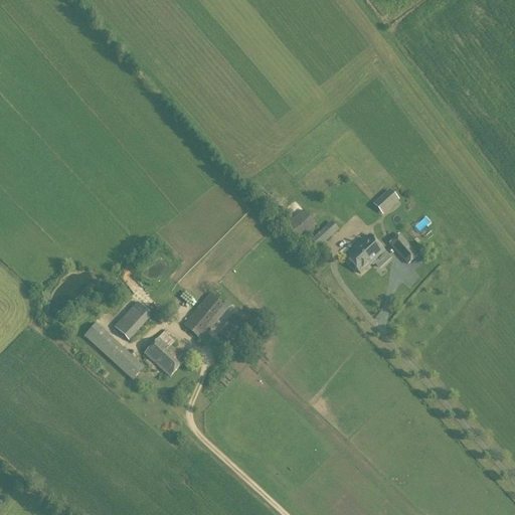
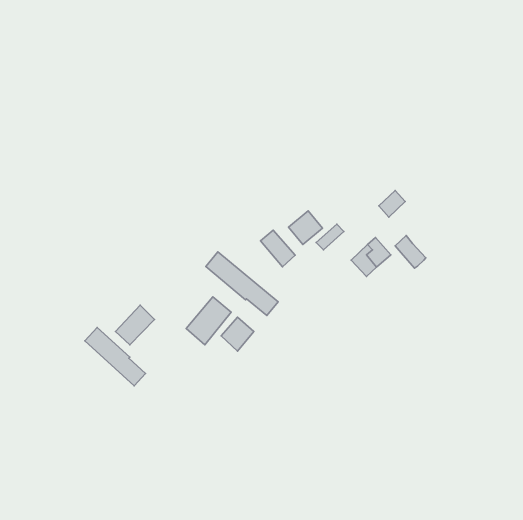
building: none -> [261,230,295,267]
building: none -> [206,252,278,315]
building: [144,331,183,375] -> none

